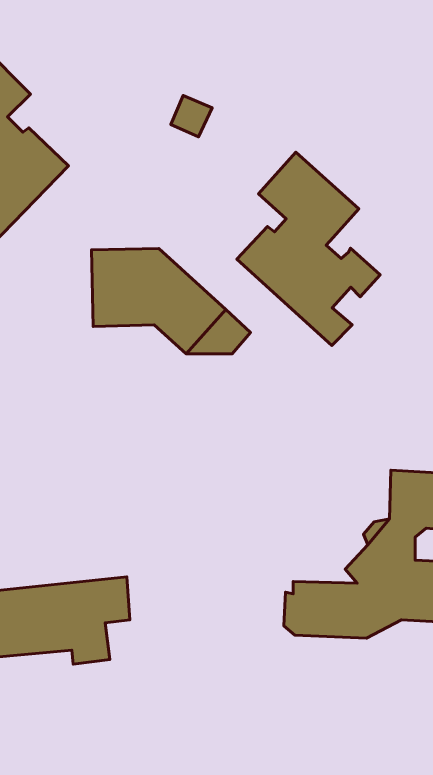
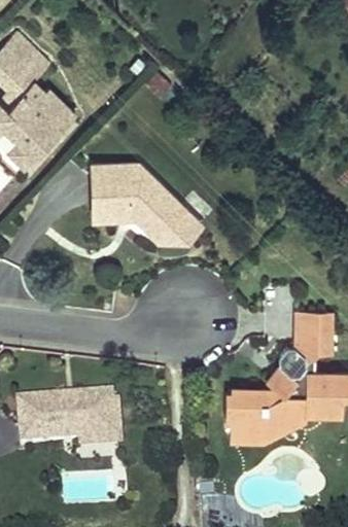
building: [237,152,380,345] -> none
building: none -> [228,418,302,447]

